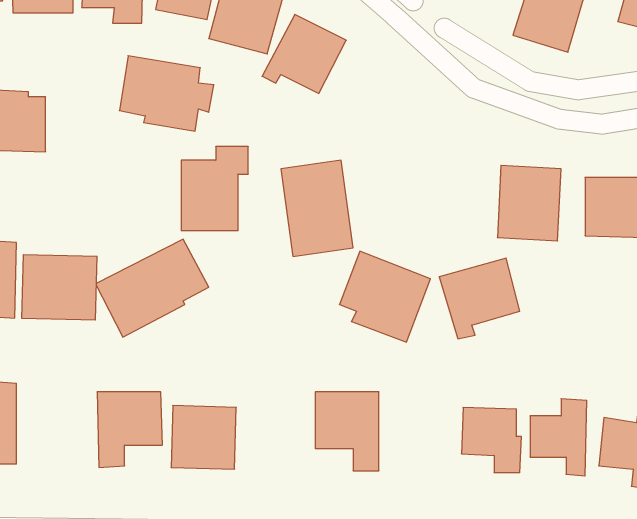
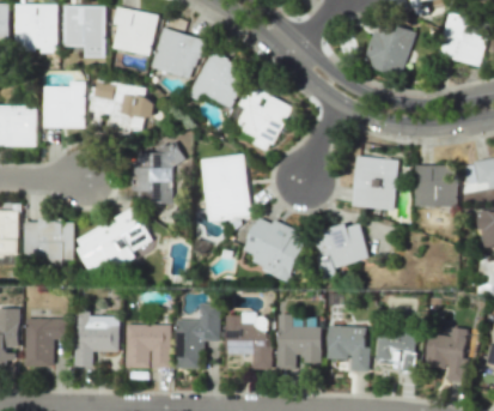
building: none -> [43,80,87,127]
building: none -> [236,84,291,151]
building: none -> [175,302,220,368]
building: none -> [276,314,322,373]
building: none -> [26,318,71,362]

